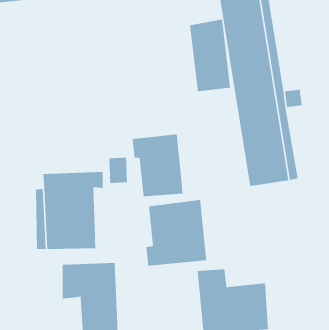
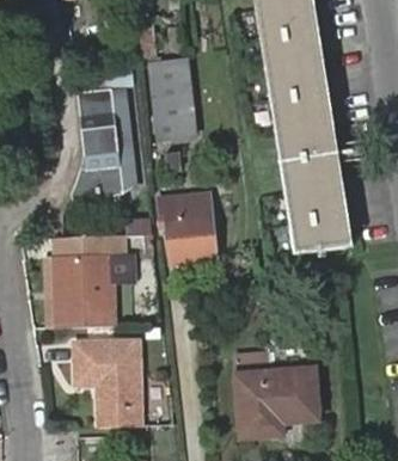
building: [189,19,231,92] -> [147,57,196,143]
building: none -> [71,62,135,193]
building: [146,199,207,266] -> none

